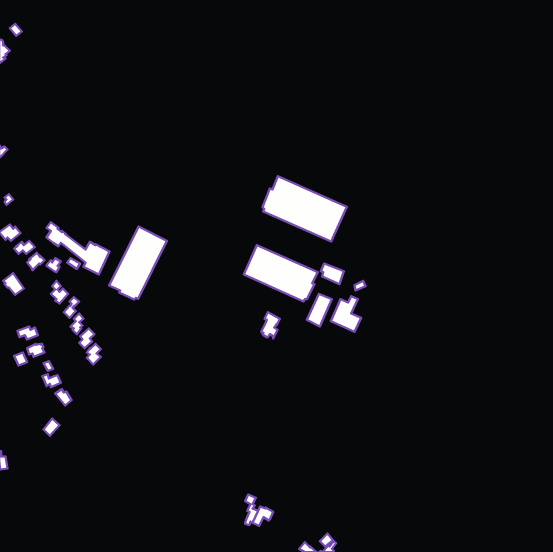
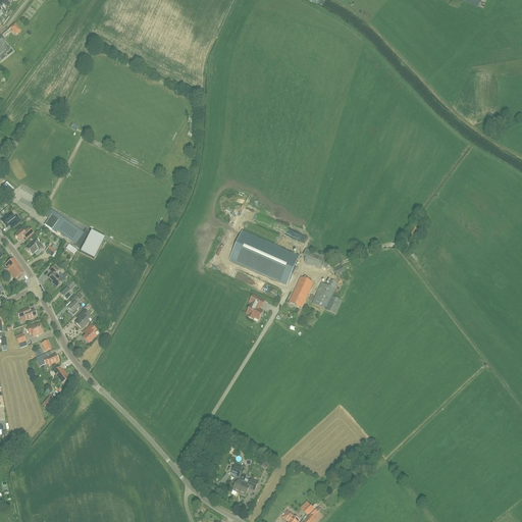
building: [263,176,347,241] -> none
building: [109,227,167,299] -> none

